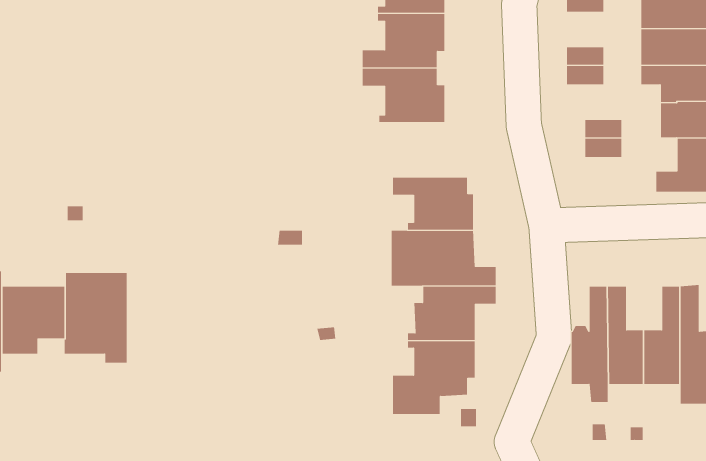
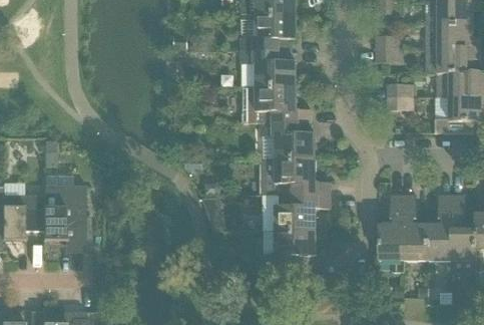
building: none -> [244,85,311,121]

